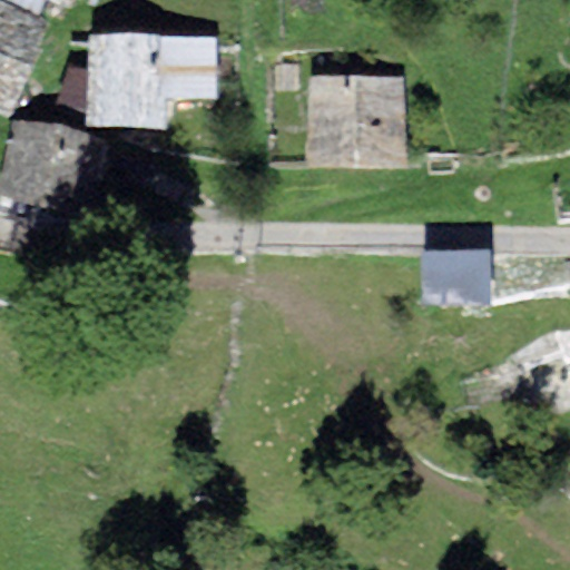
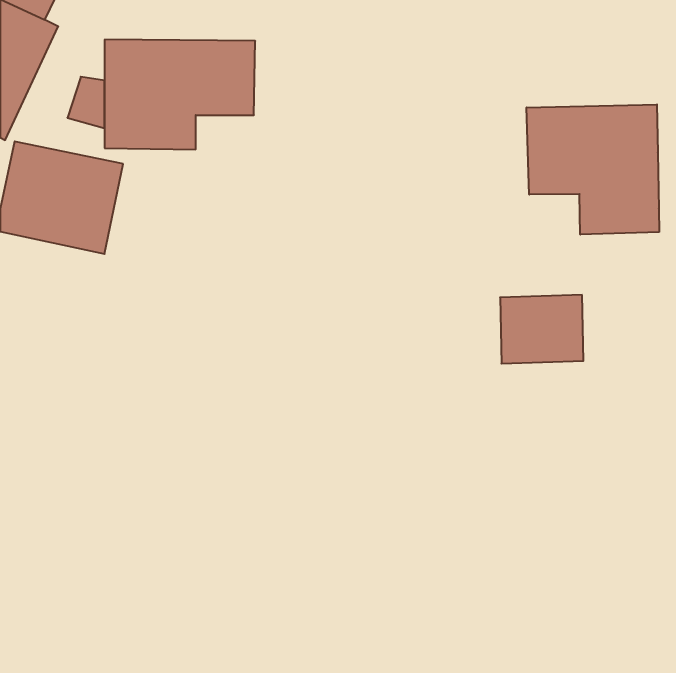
building: [308,73,406,168] -> none
building: none -> [527,104,659,235]

